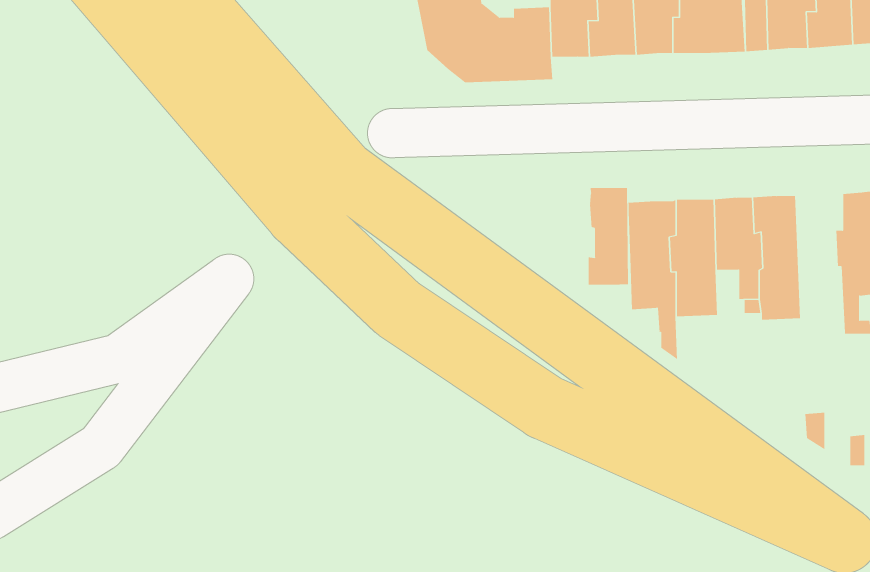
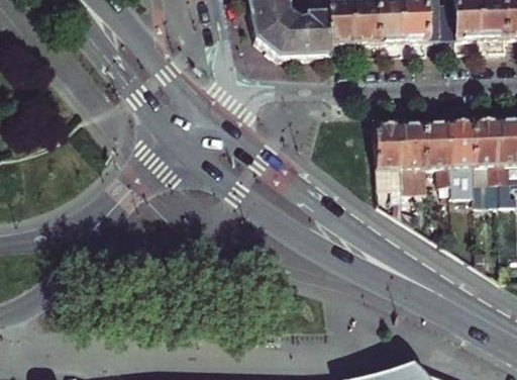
building: [588,187,629,286] -> none
building: none -> [473,122,501,204]

